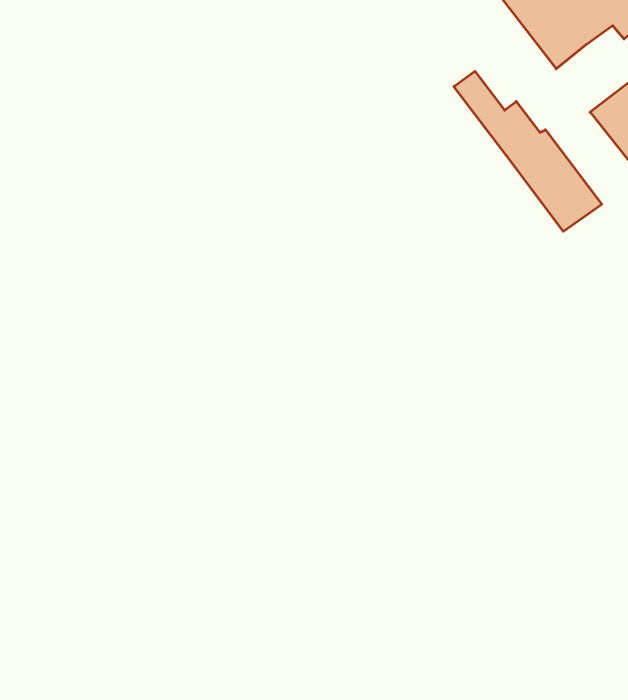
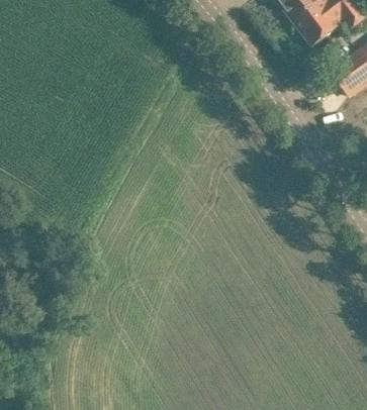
building: [454,71,602,231] -> none

